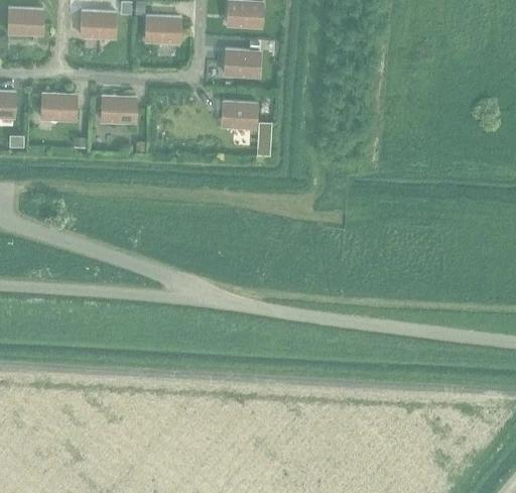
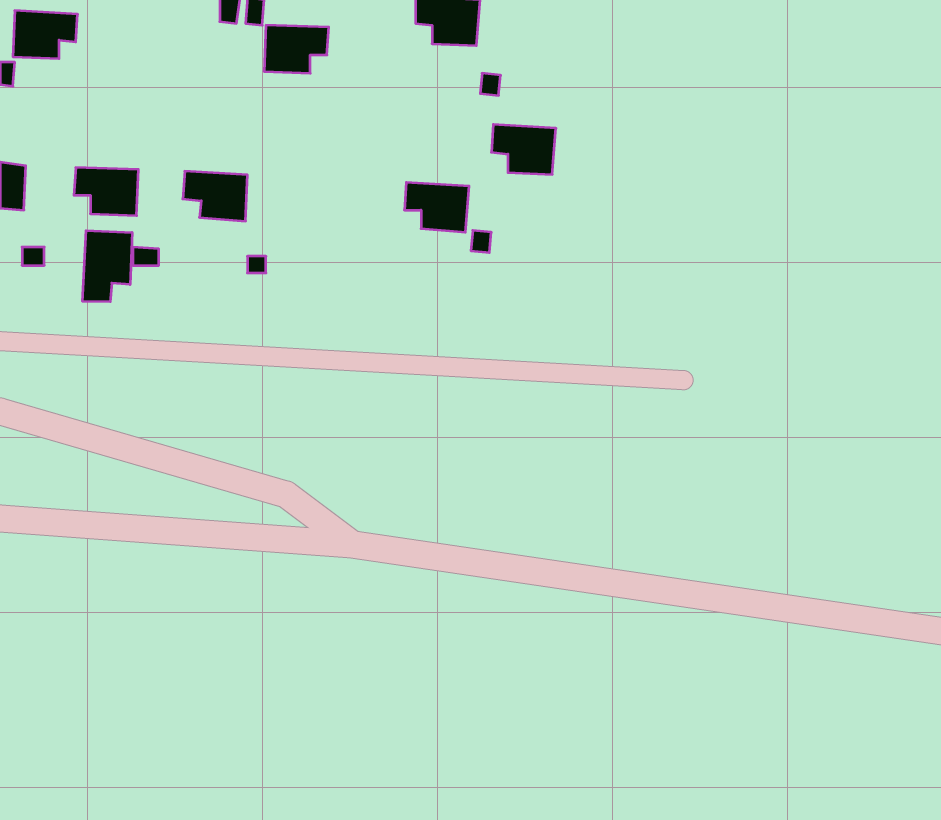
building: [82,11,116,37] -> none
building: [225,49,260,77] -> [491,124,556,174]
building: none -> [83,231,132,302]

